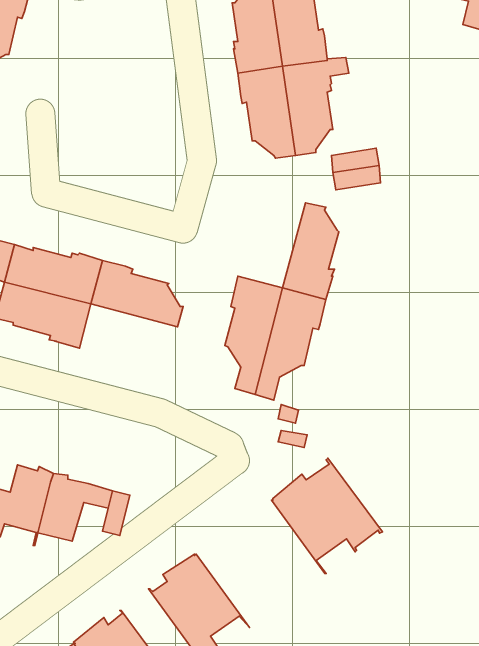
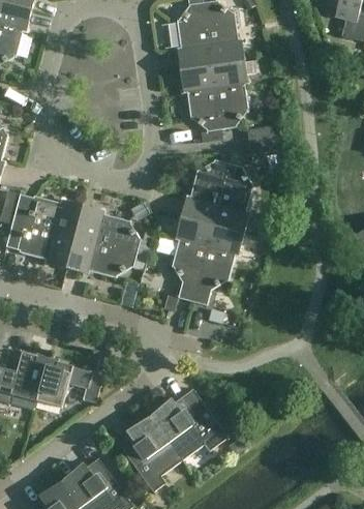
building: none -> [180,159,229,224]
building: none -> [66,236,136,277]
building: [272,458,382,573] -> [150,386,230,469]

